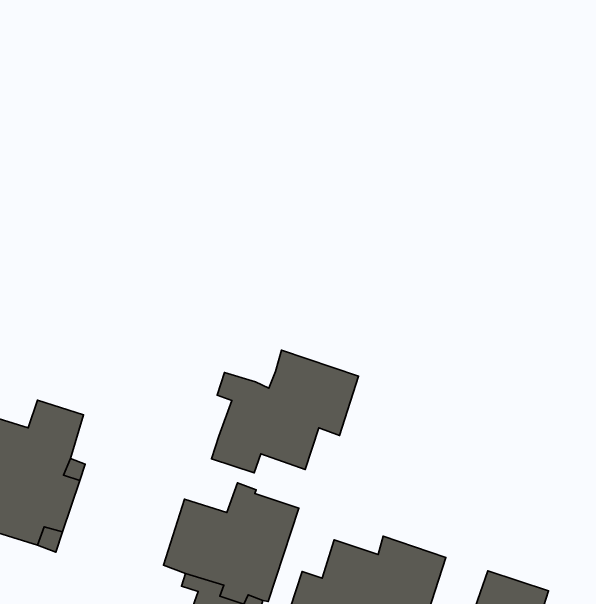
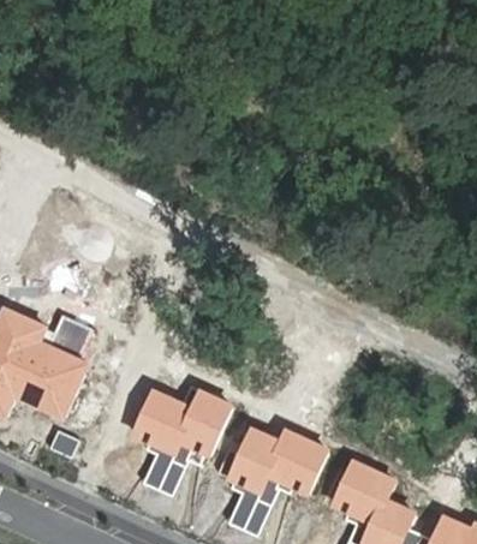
building: [212,350,358,473] -> none

